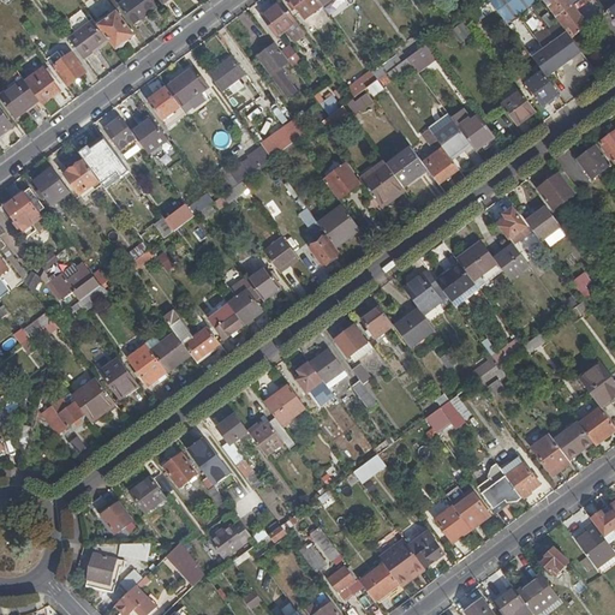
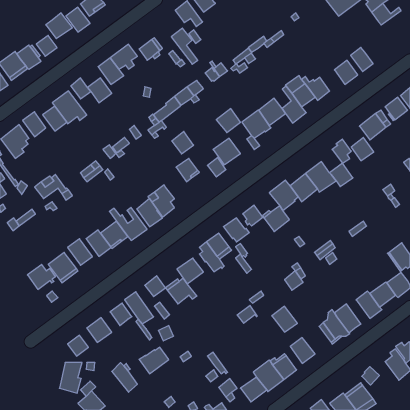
building: [531,32,580,78] -> none
building: [247,265,280,299] -> [172,131,194,154]
building: [452,490,490,529] -> [272,306,297,332]

